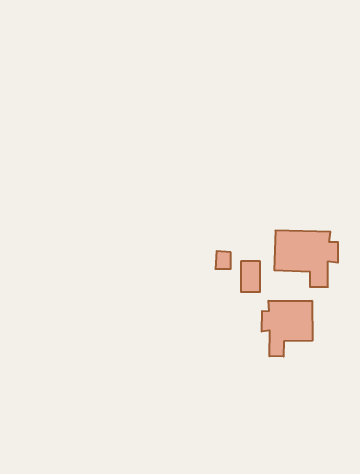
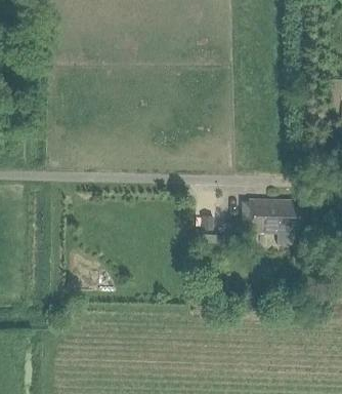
building: [262,301,312,357] -> none

